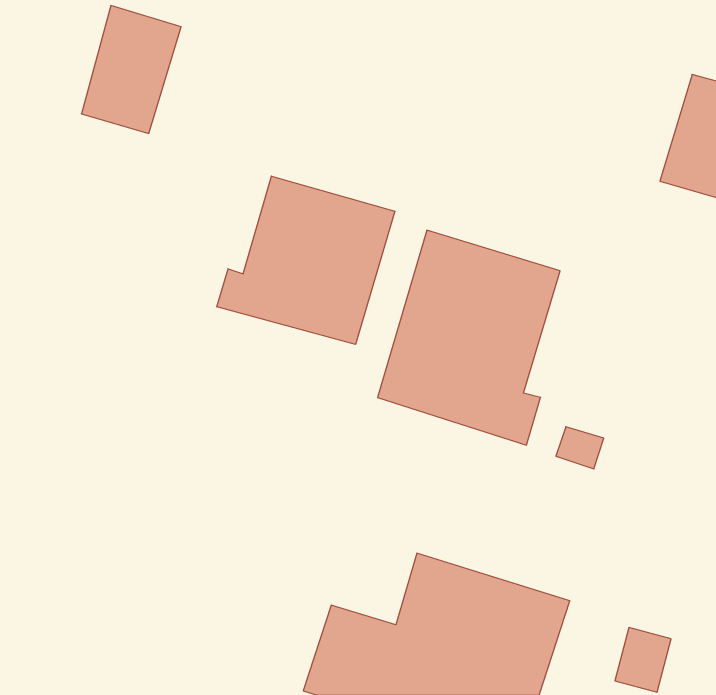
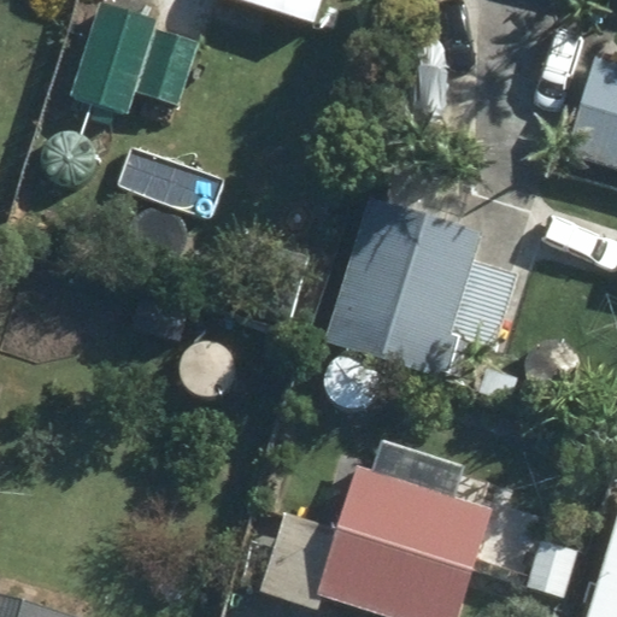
building: [217,176,395,344] -> none

